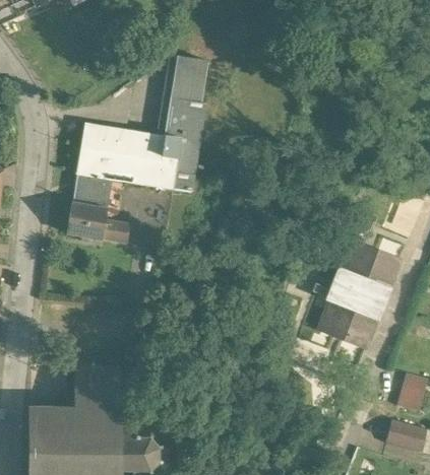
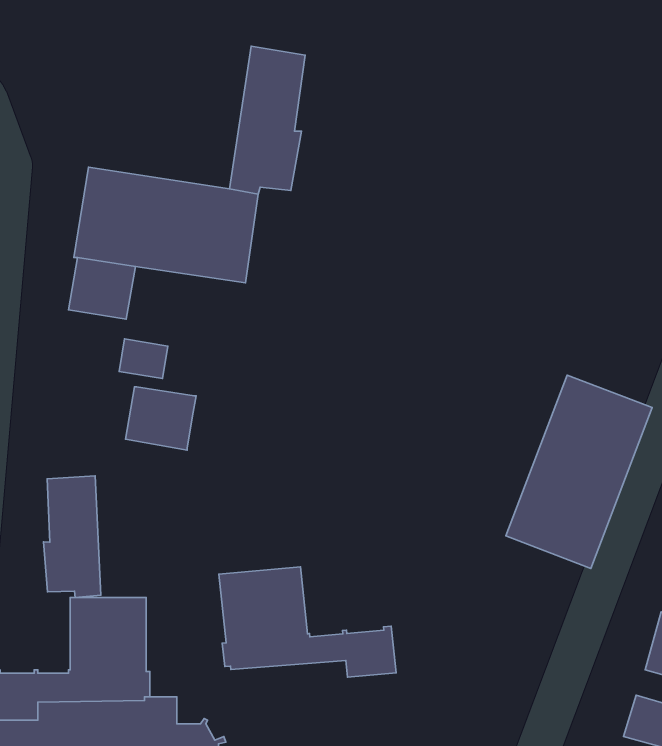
building: [172,135,197,192] -> none
building: [66,204,106,240] -> [126,387,196,450]
building: none -> [43,476,101,597]
building: none -> [219,567,396,677]

